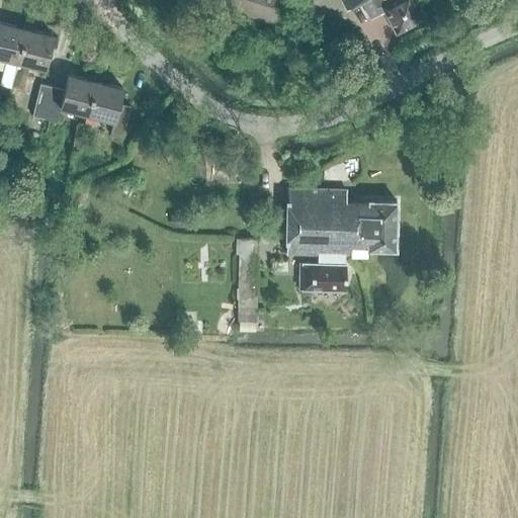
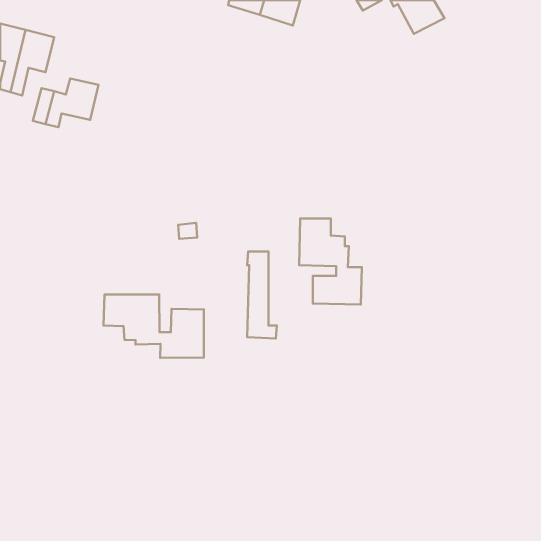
building: [85,82,131,139] -> none
building: [287,189,397,258] -> none
building: none -> [104,295,204,358]

